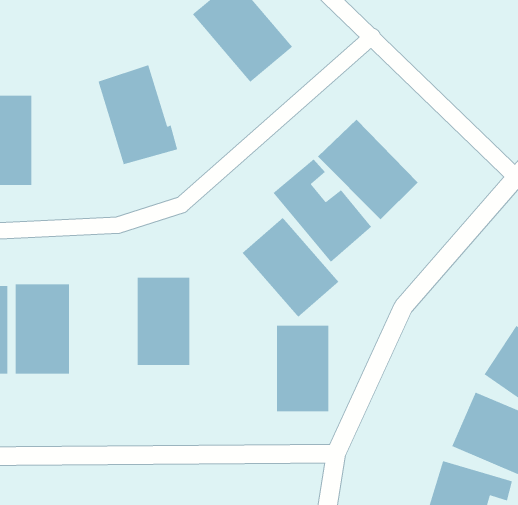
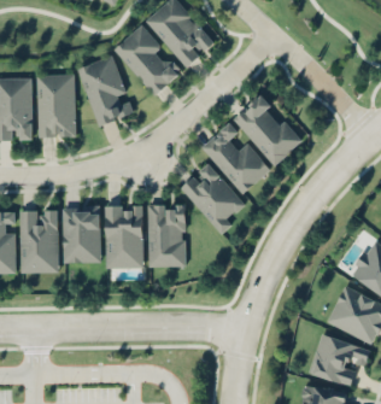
building: none -> [112,24,181,96]
building: none -> [35,74,76,139]
building: none -> [61,205,100,263]
building: [276,325,329,412] -> [147,205,184,267]

